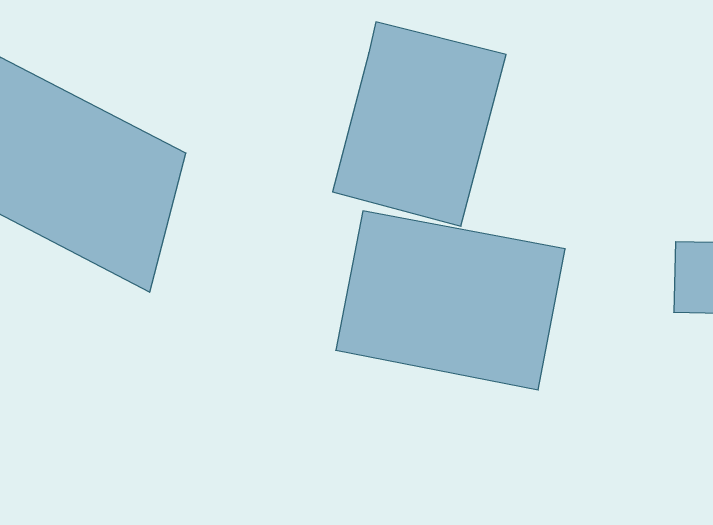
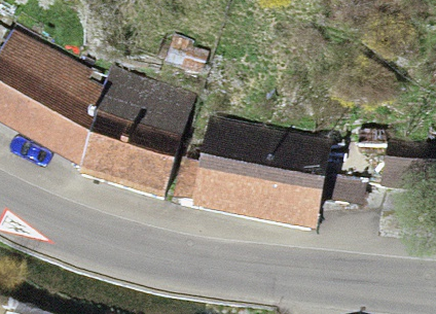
building: [333,22,506,226] -> [89,74,188,190]

